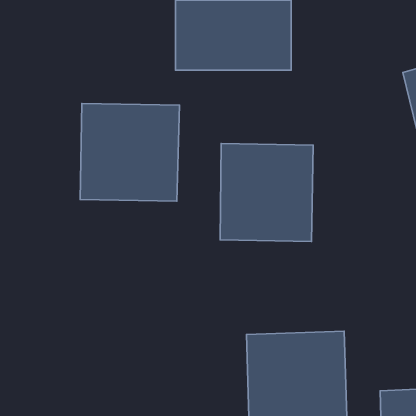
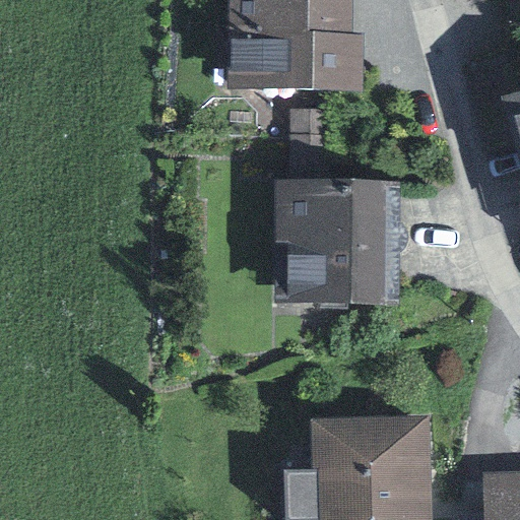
building: [80,104,179,201] -> none

